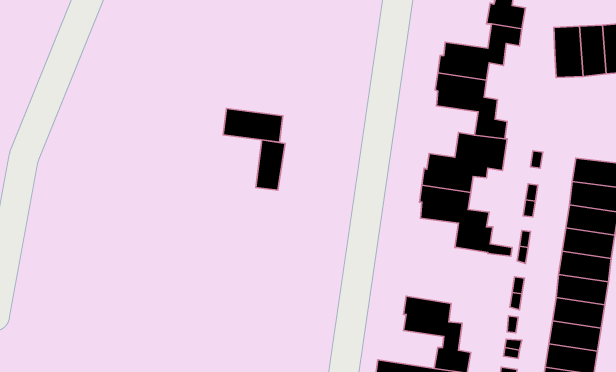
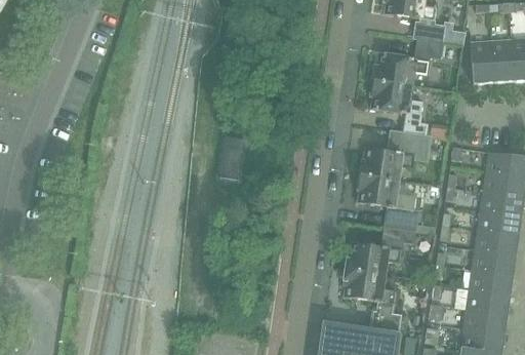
building: [223,109,283,142] -> none
building: none -> [346,226,414,273]

